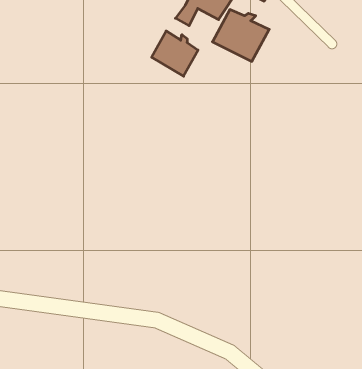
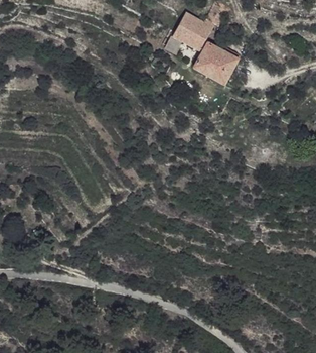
building: [152,31,198,76] -> none

